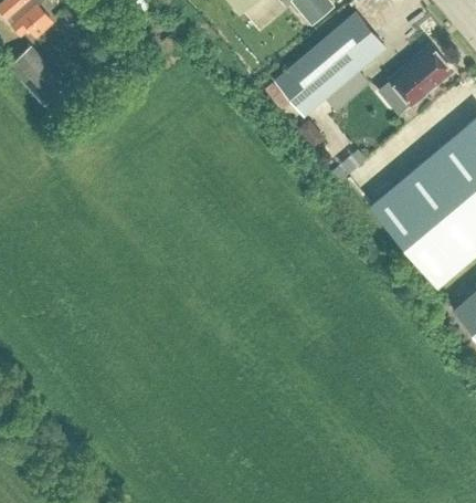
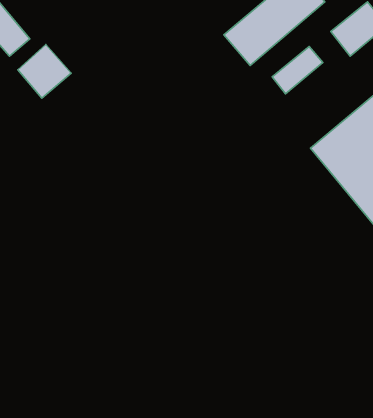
building: none -> [18,45,71,98]
building: none -> [272,46,323,94]

